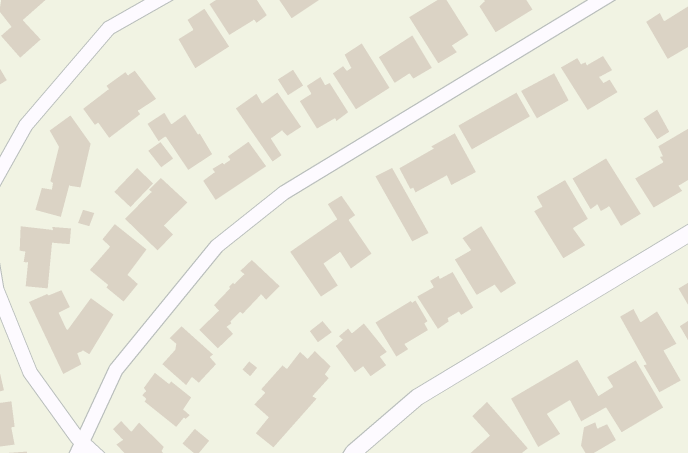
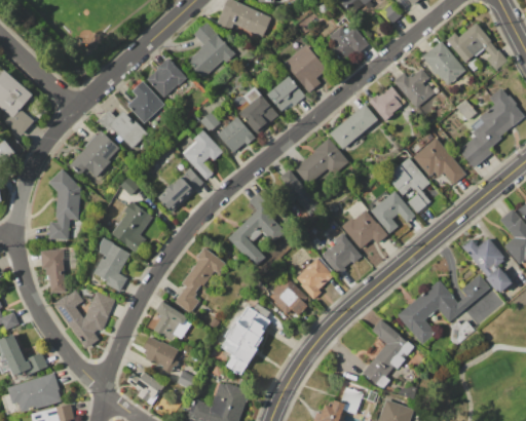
building: none -> [423,40,466,85]
building: [146,112,213,171] -> [98,109,147,148]
building: none -> [367,187,415,233]

